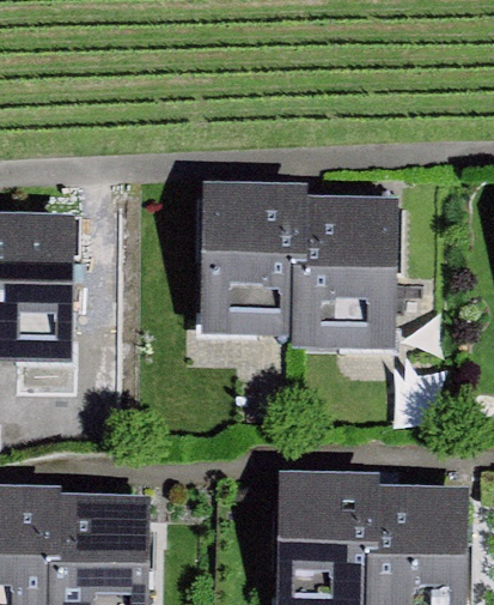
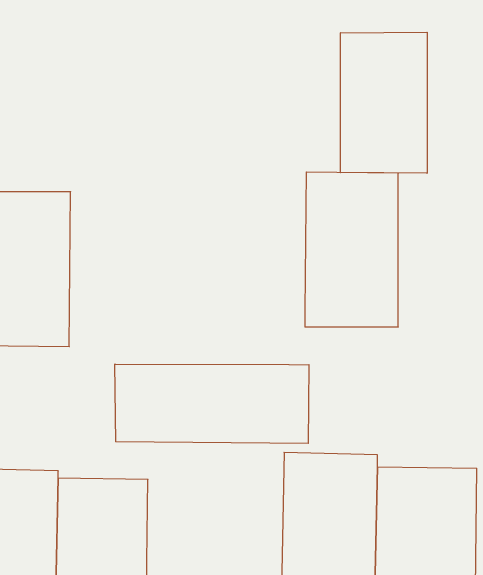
building: none -> [340,32,427,173]
building: [203,188,303,332] -> none
building: none -> [115,364,309,443]

